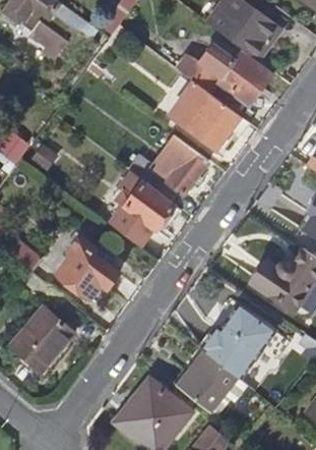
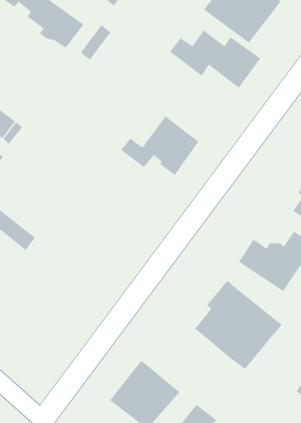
building: [169,80,241,150] -> none
building: [111,173,176,247] -> none
building: [59,237,120,296] -> none
building: [10,308,76,376] -> none
building: [178,351,237,412] -> none

